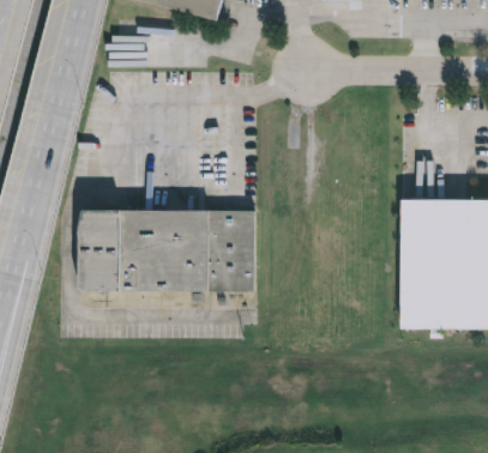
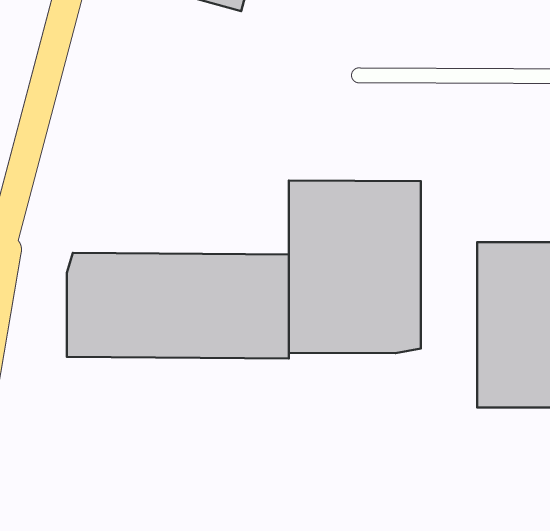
building: none -> [289,180,421,353]

